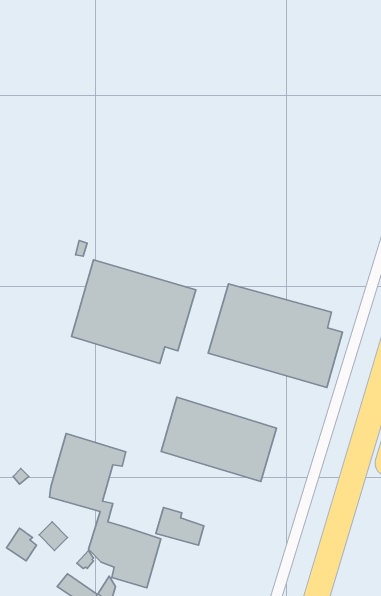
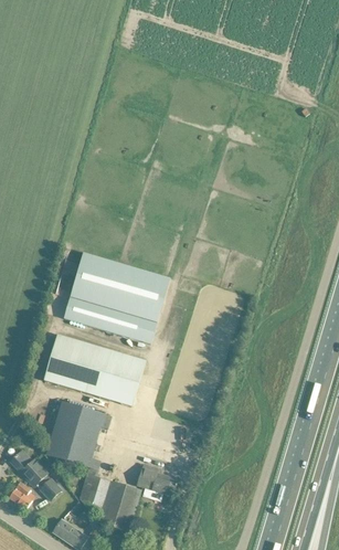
building: [208,284,343,388] -> none
building: [161,397,277,481] -> [45,334,144,405]
building: none -> [10,448,49,486]

